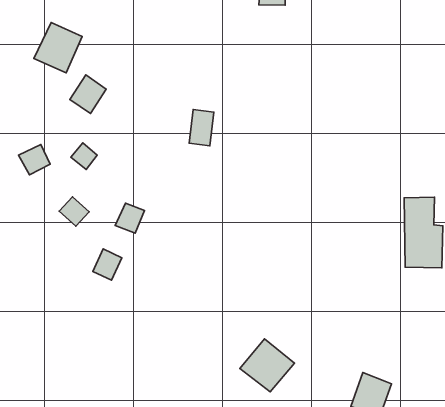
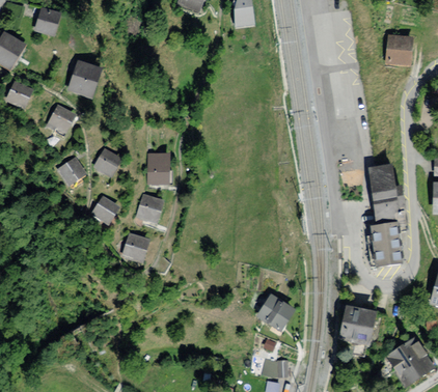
building: [70,75,106,114] -> [44,105,72,135]
building: [189,110,214,146] -> [154,153,170,180]
building: none -> [371,222,403,267]

